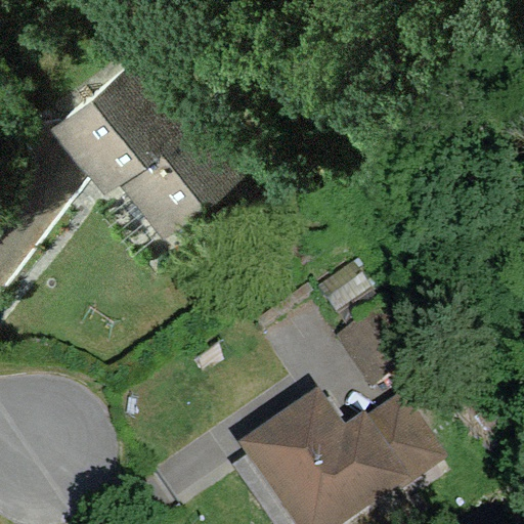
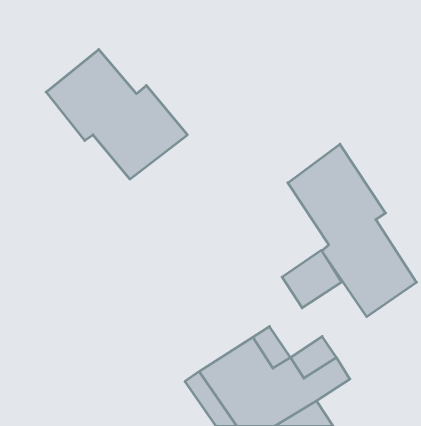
building: none -> [288,144,417,317]

